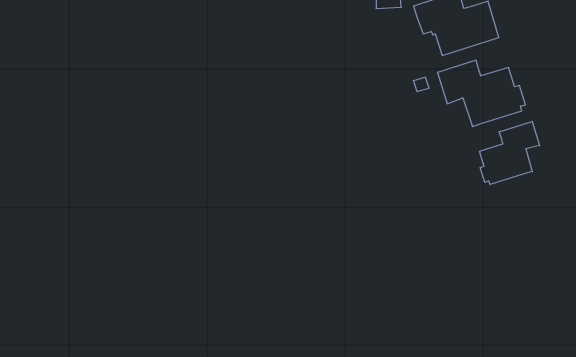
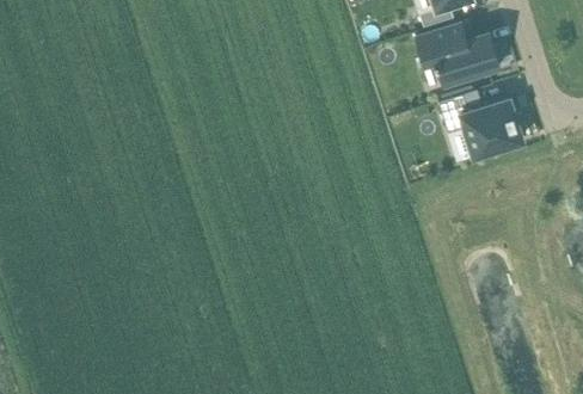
building: [479,121,540,185] -> none

